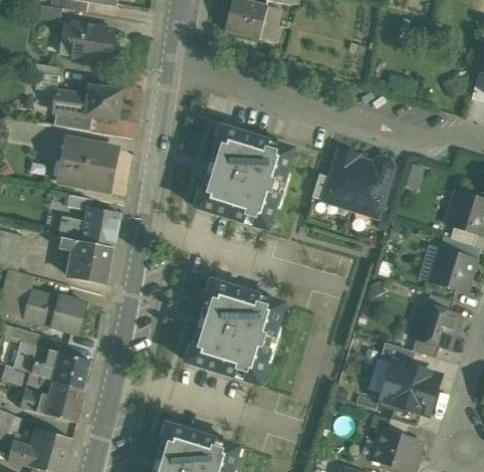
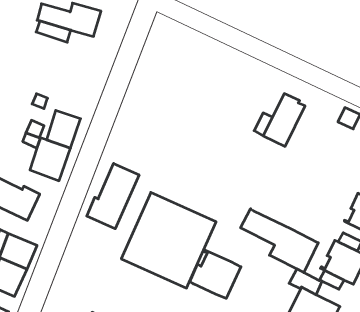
building: [196,129,295,227] -> none
building: [55,138,118,189] -> none
building: [349,156,393,215] -> none
building: none -> [87,163,139,229]
building: none -> [241,209,318,273]
building: none -> [190,250,241,298]

